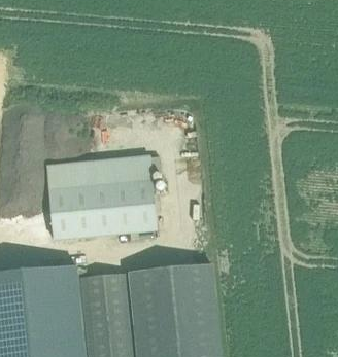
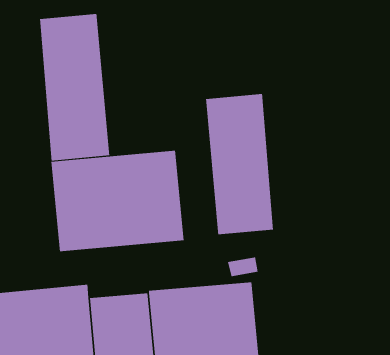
building: none -> [39,13,110,161]
building: none -> [205,93,274,235]

